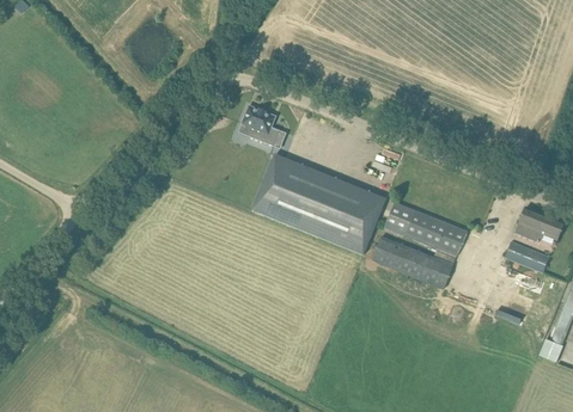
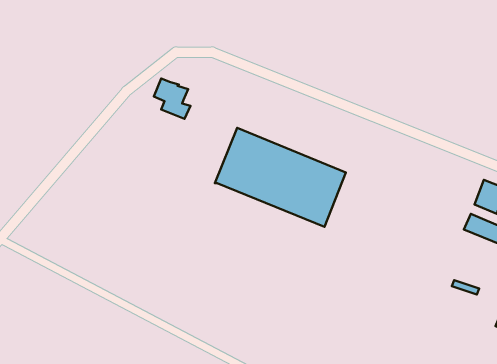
building: [242,105,279,146] -> [154,79,191,119]
building: [372,202,468,288] -> none

